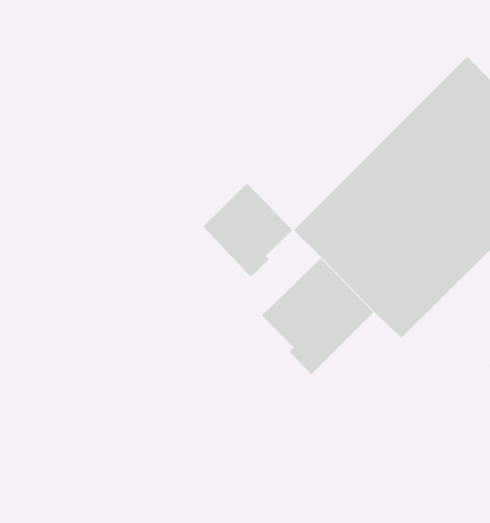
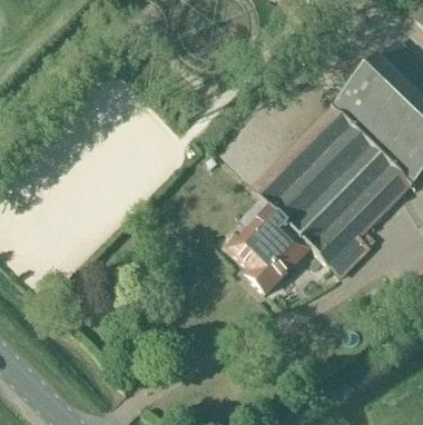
building: [202,183,293,278] -> none

